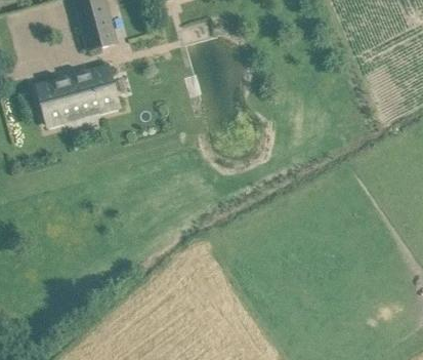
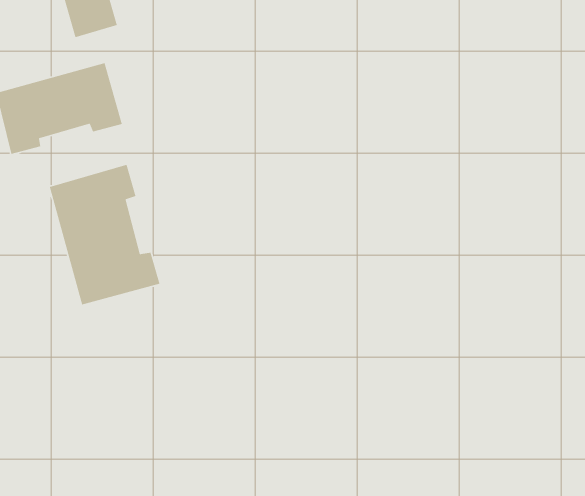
building: none -> [49,164,161,305]

